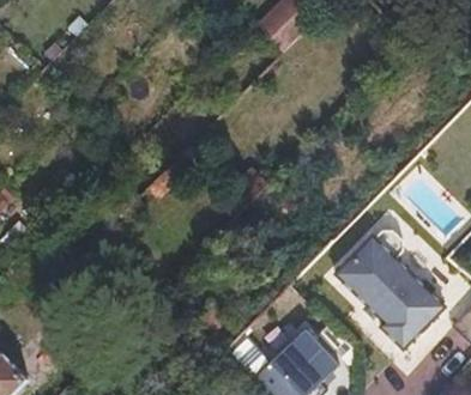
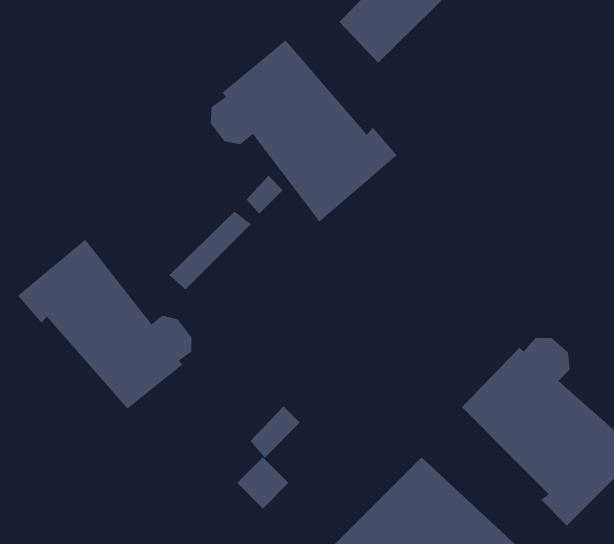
building: none -> [210,39,398,222]
building: none -> [17,239,192,409]

